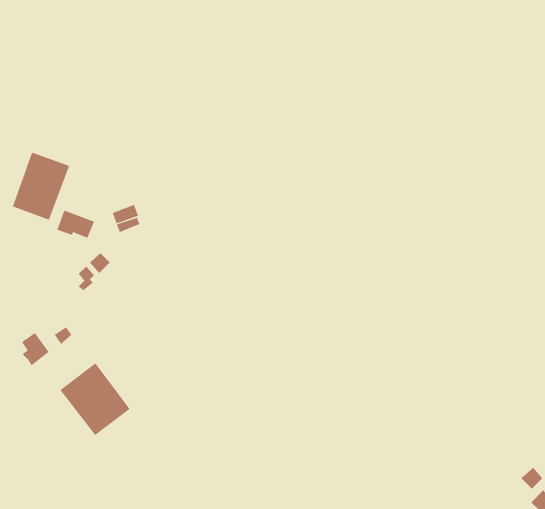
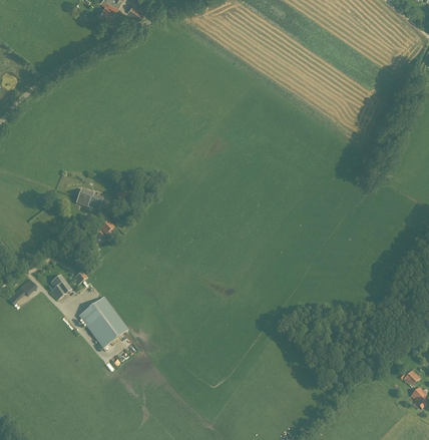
building: [12,152,70,220] -> none

